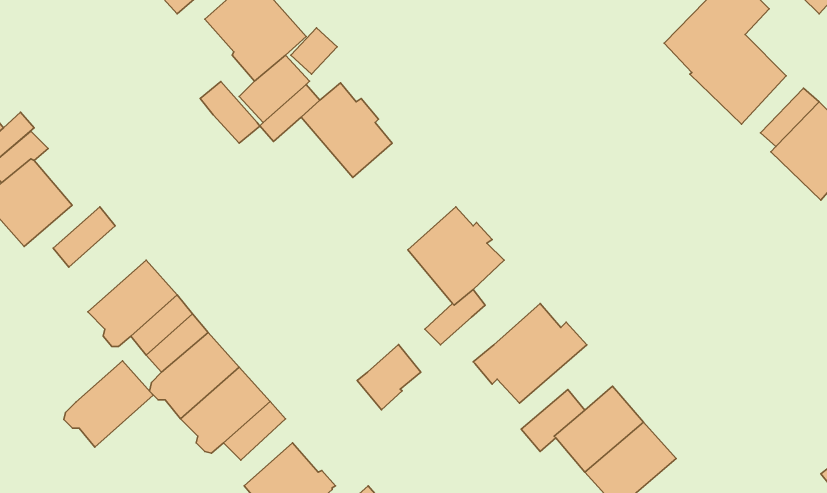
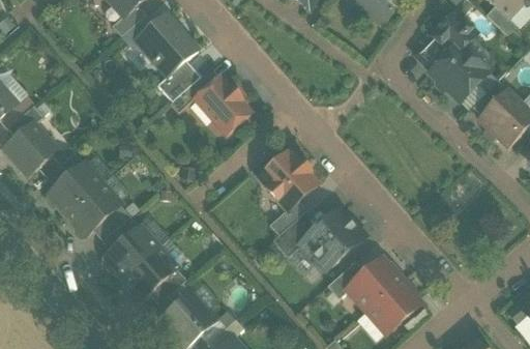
building: [200,81,260,143] -> none
building: [357,344,421,410] -> [272,217,311,257]
building: [64,361,153,447] -> [48,163,101,214]

